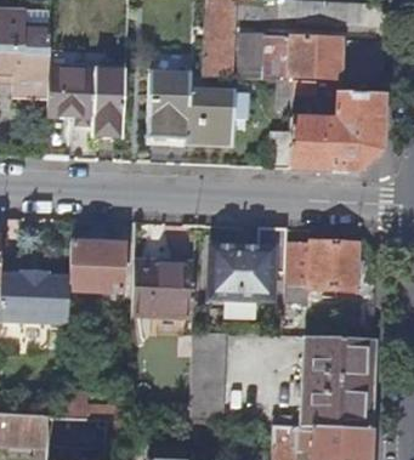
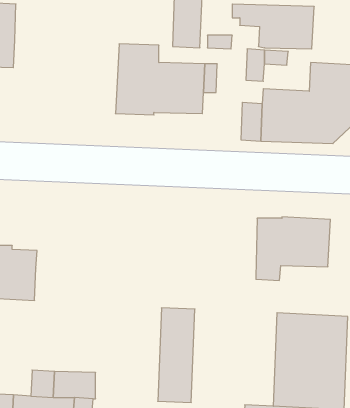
building: [46,69,125,135] -> none
building: [209,227,287,301] -> none
building: [69,240,124,299] -> none
building: [131,261,194,318] -> none

